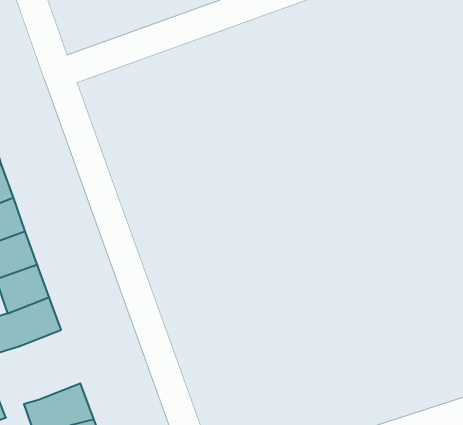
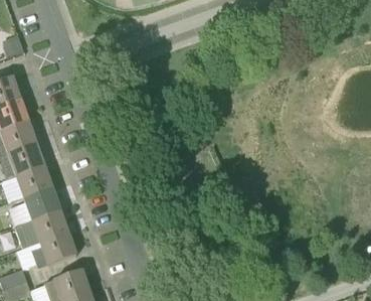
building: none -> [31,234,76,269]

